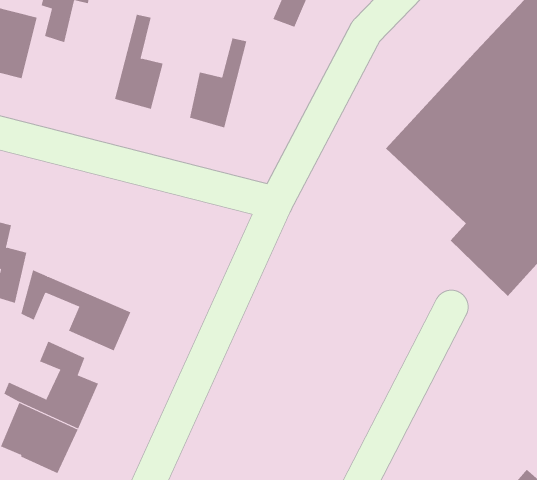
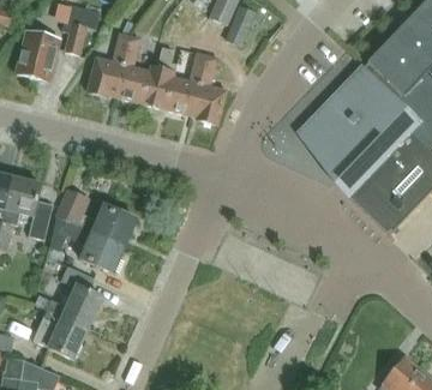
building: none -> [88,32,130,96]
building: none -> [140,47,176,108]
building: none -> [192,54,227,122]
building: none -> [56,188,137,245]

